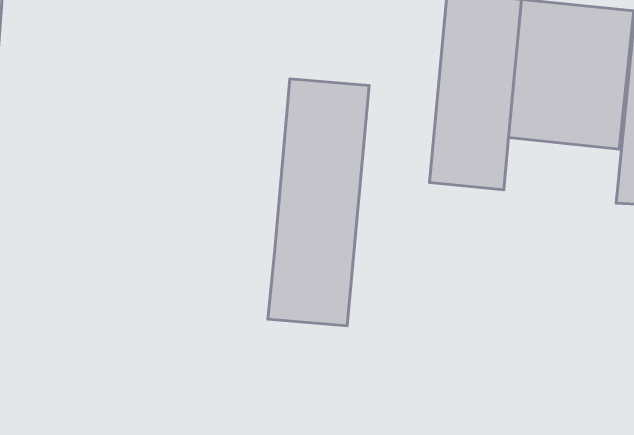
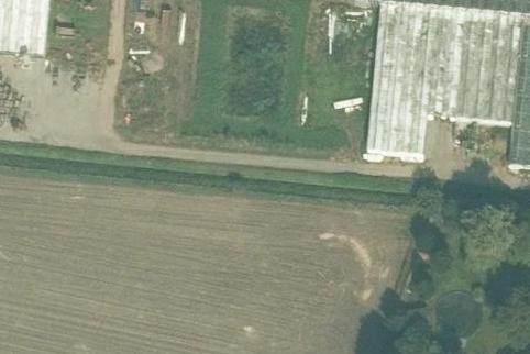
building: [268,79,369,326] -> none

